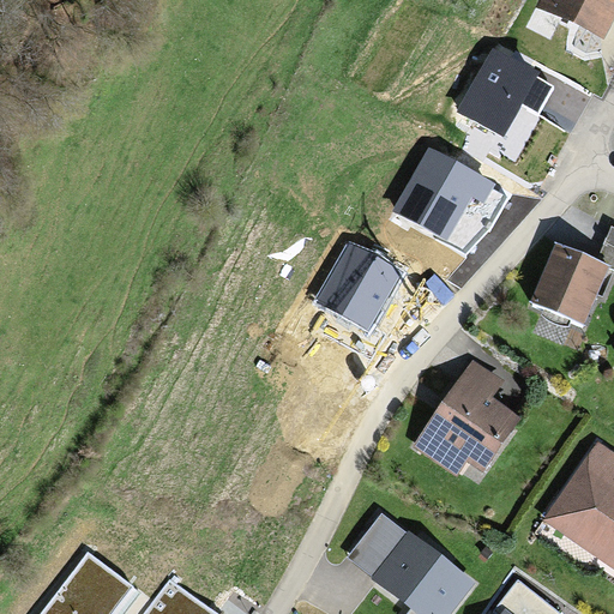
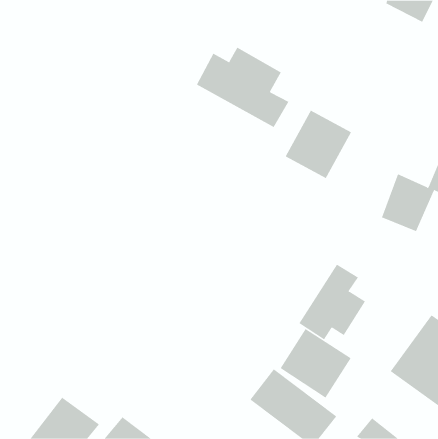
building: [460,46,543,137] -> none
building: none -> [196,47,289,128]
building: [315,241,405,333] -> none
building: none -> [280,328,351,398]

